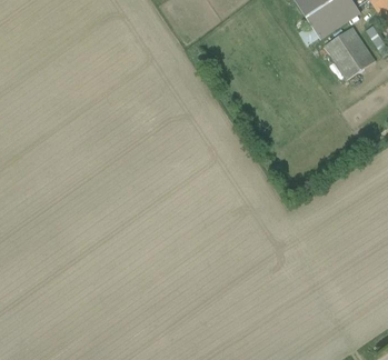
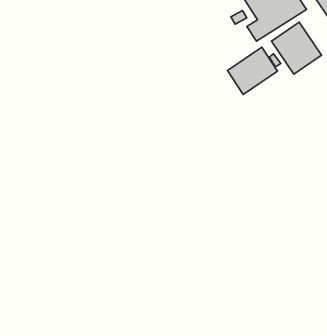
building: none -> [228,47,278,94]

